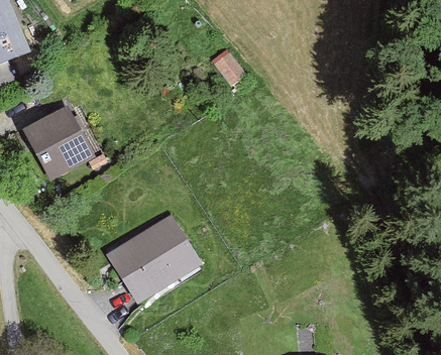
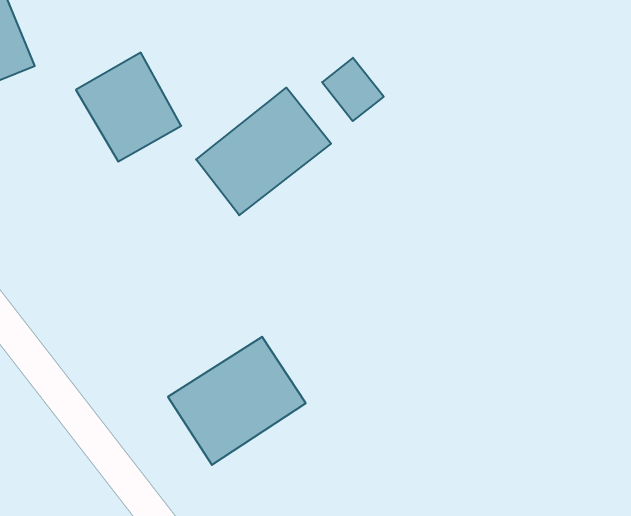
building: none -> [196,88,331,215]
building: [25,109,91,176] -> [76,53,181,161]

